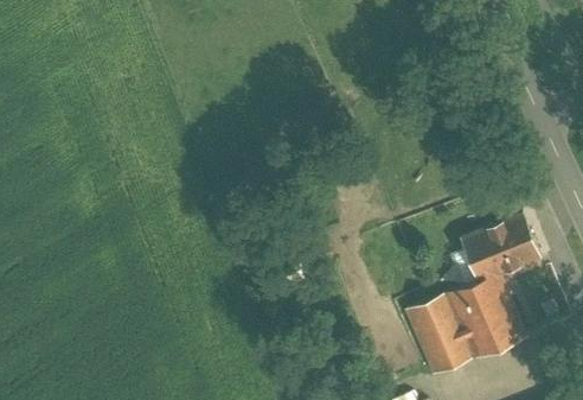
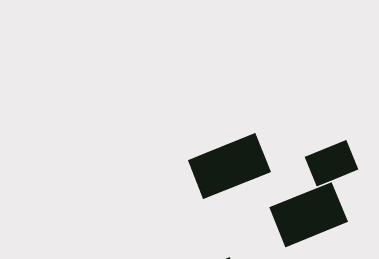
building: none -> [187,132,272,200]

